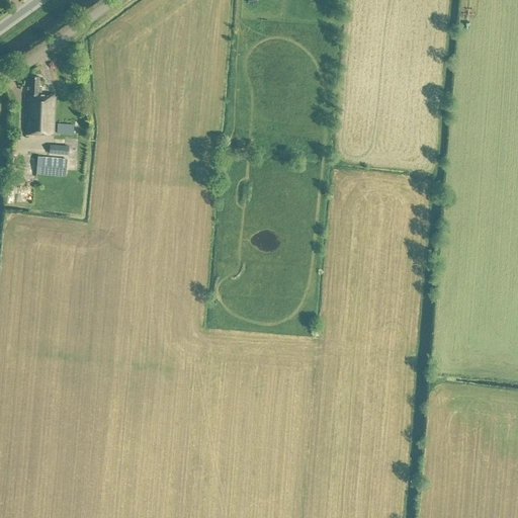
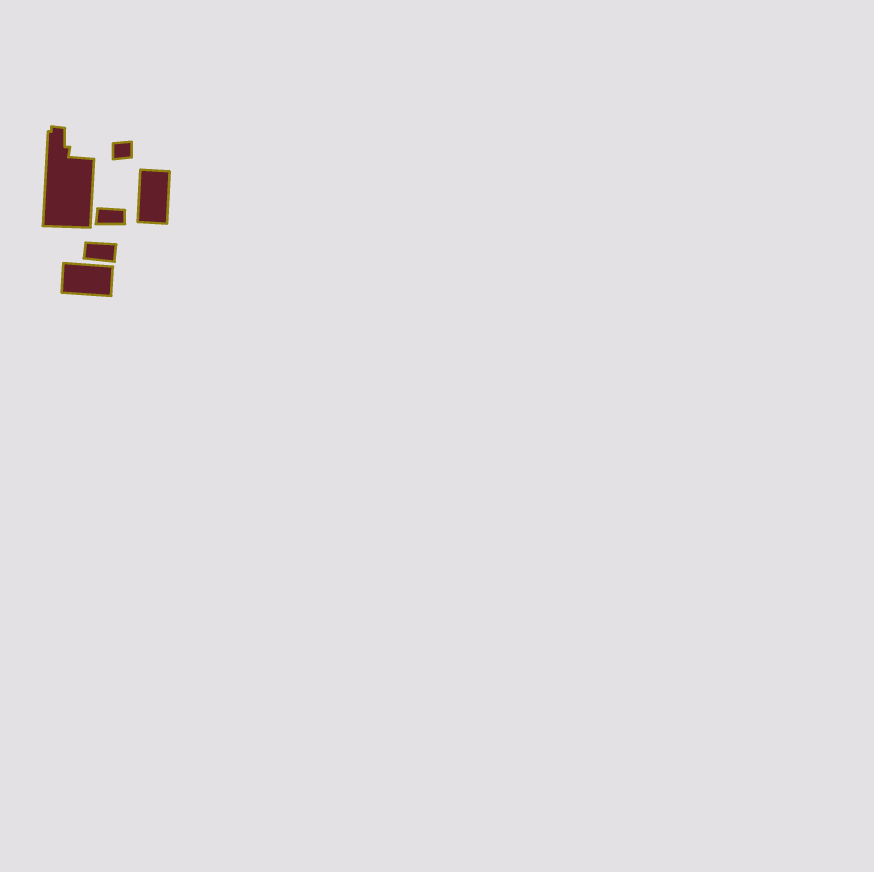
building: none -> [138,170,169,224]

